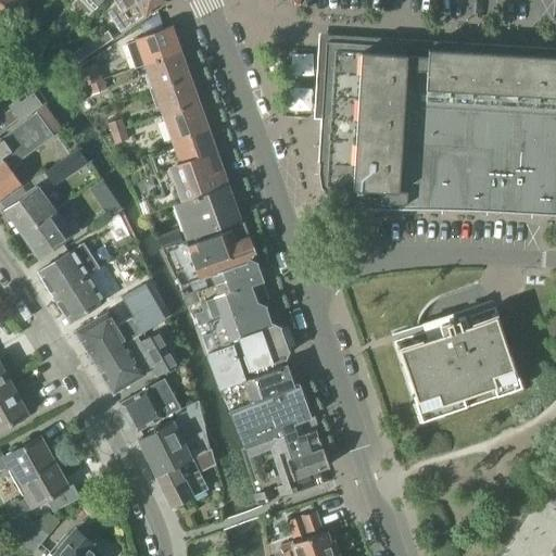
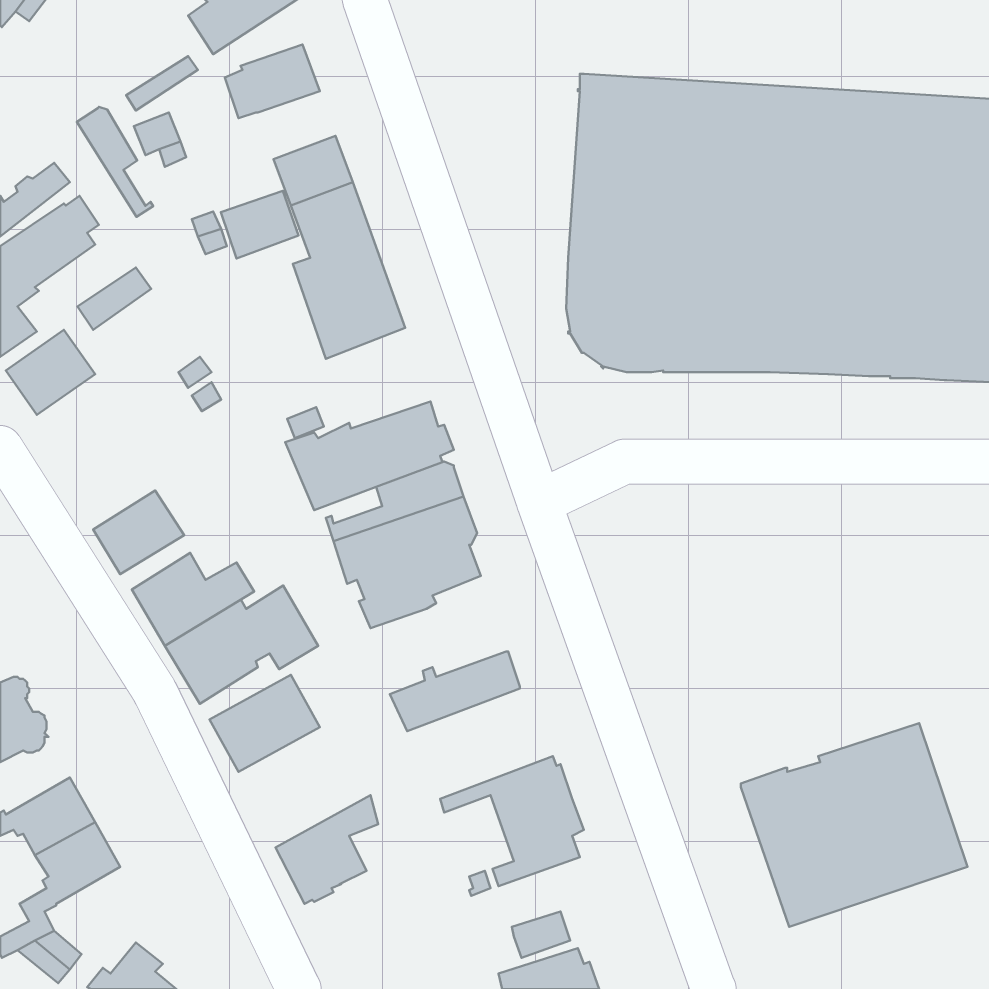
building: [146,51,189,89] -> [221,191,298,259]
building: none -> [77,107,153,217]
building: [184,184,241,235] -> none
building: [22,210,80,257] -> none
building: [37,242,99,296] -> none
building: [125,279,164,320] -> none
building: [394,306,521,420] -> [741,723,968,927]
building: [206,323,288,389] -> none
building: [229,382,312,447] -> none
building: [138,400,208,475] -> none

